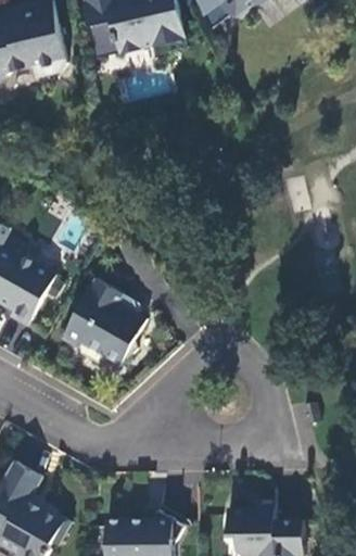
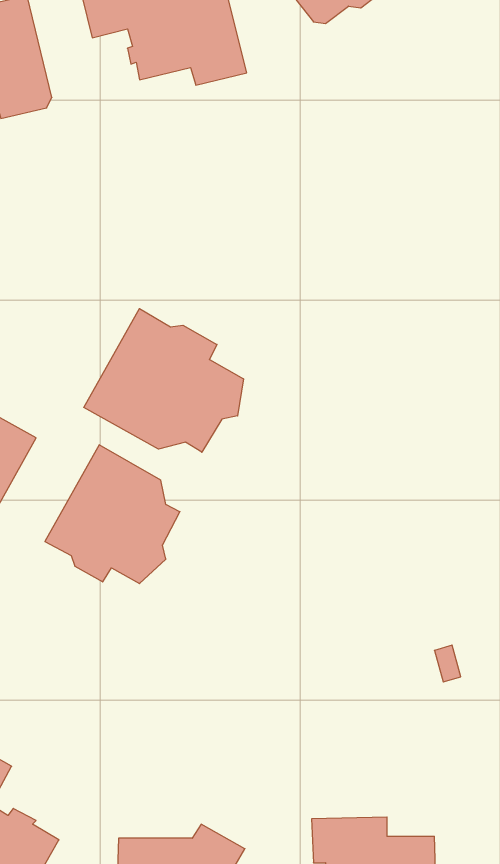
building: none -> [84,309,243,452]

